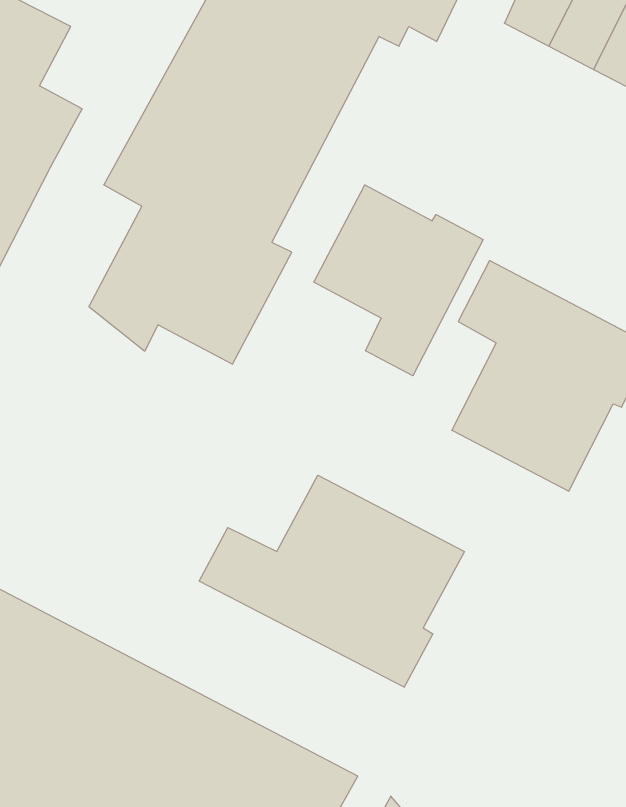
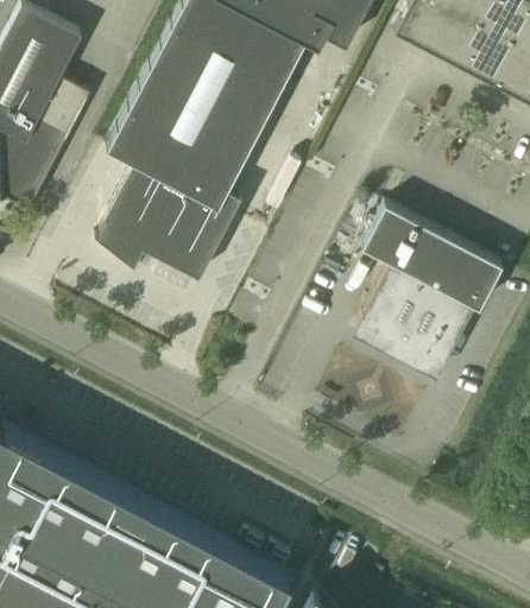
building: [314,185,483,376] -> none
building: [199,475,464,687] -> none

